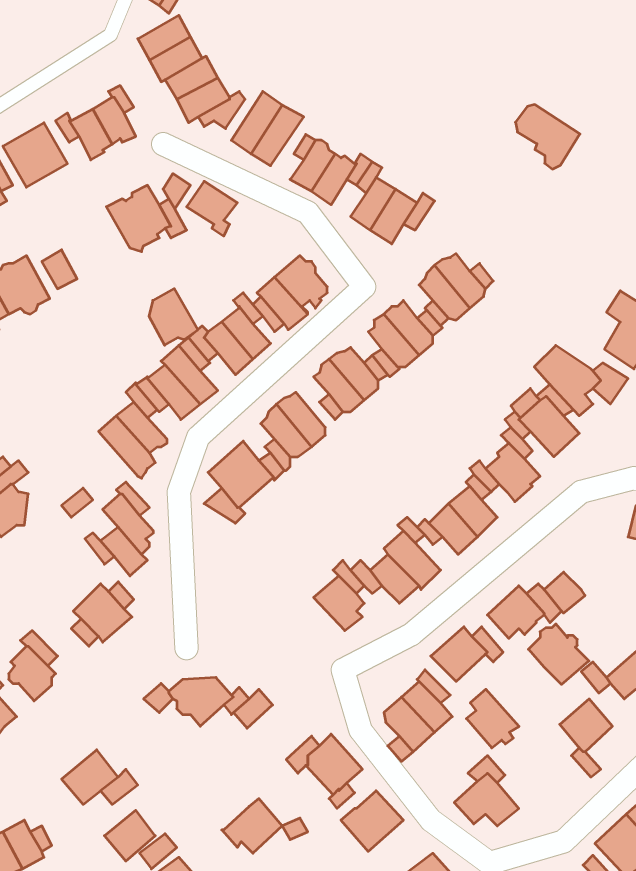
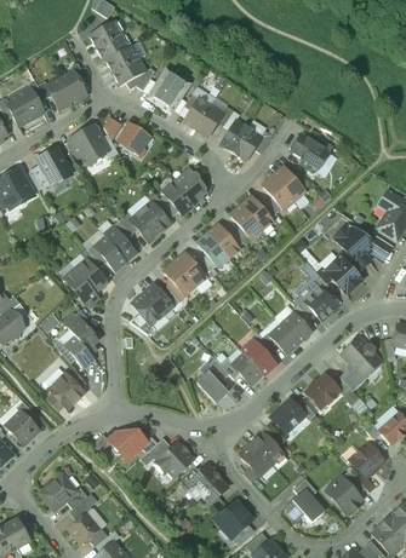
building: [515,105,580,169] -> [290,134,330,174]
building: [149,289,198,345] -> [41,148,72,183]
building: [528,624,589,684] -> [343,338,381,375]
building: [466,689,519,748] -> [330,476,362,512]
building: [222,799,282,853] -> [155,442,193,476]

